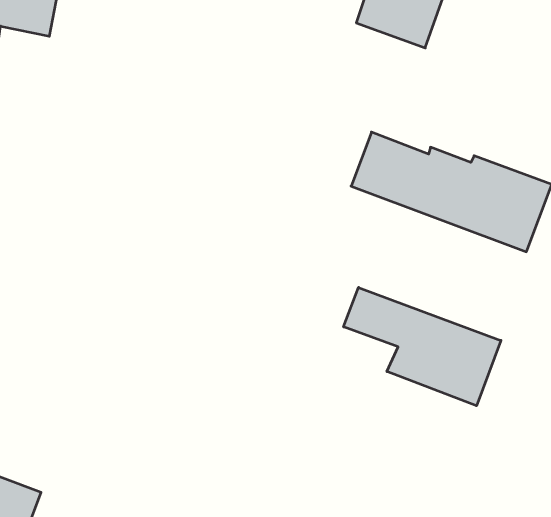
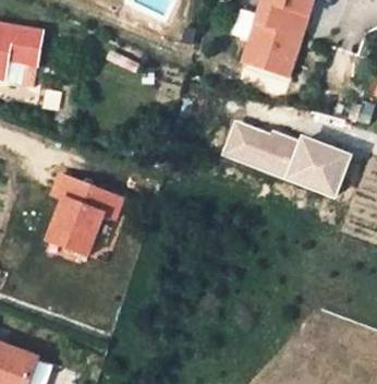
building: none -> [46,175,121,256]
building: [344,287,501,406] -> none

